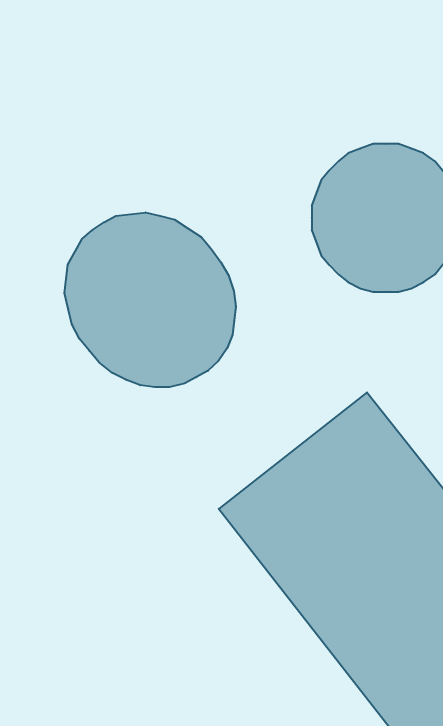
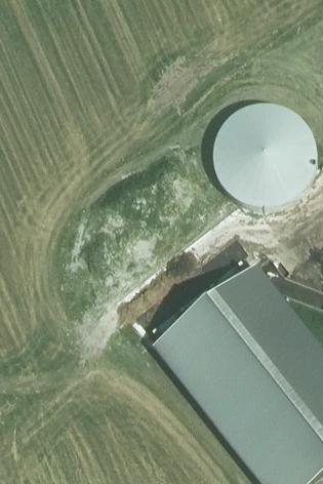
building: [65,212,236,387] -> none

